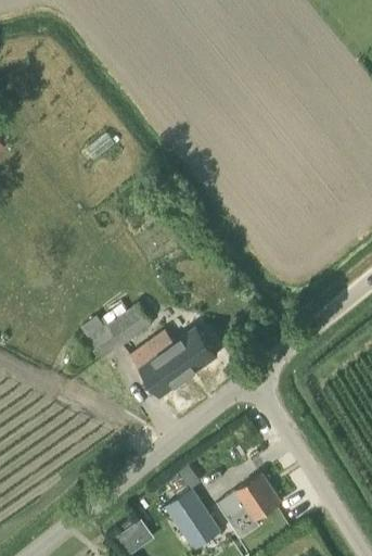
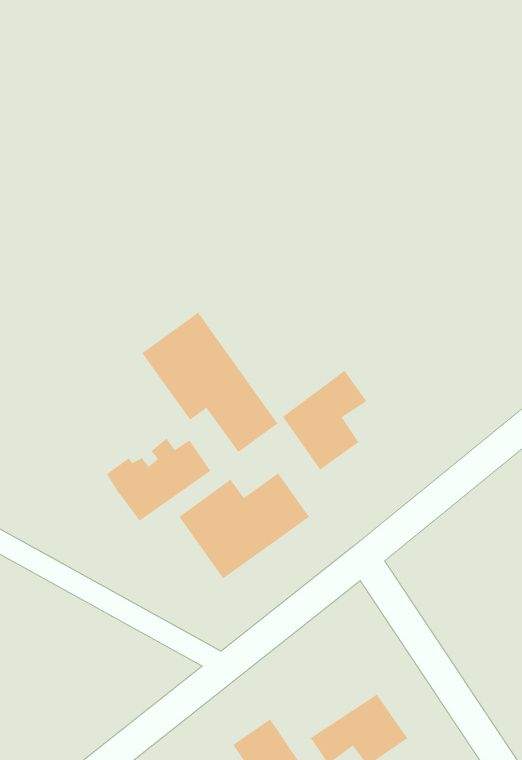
building: none -> [142,312,278,453]
building: none -> [282,370,367,471]

